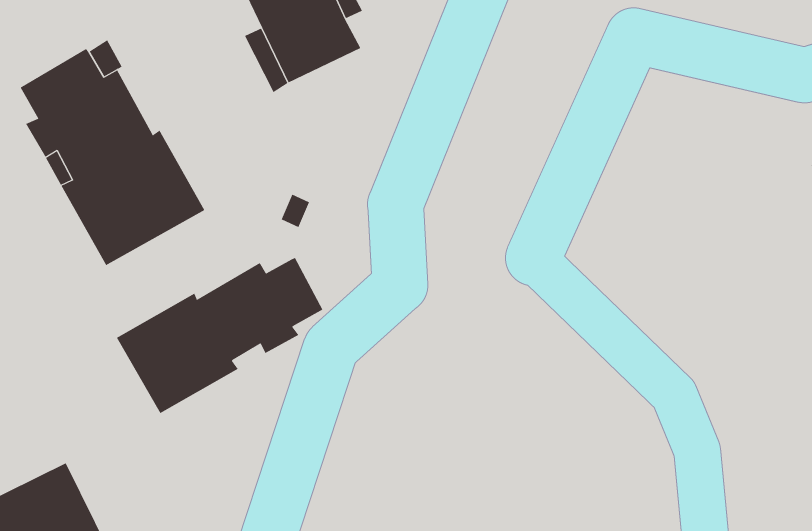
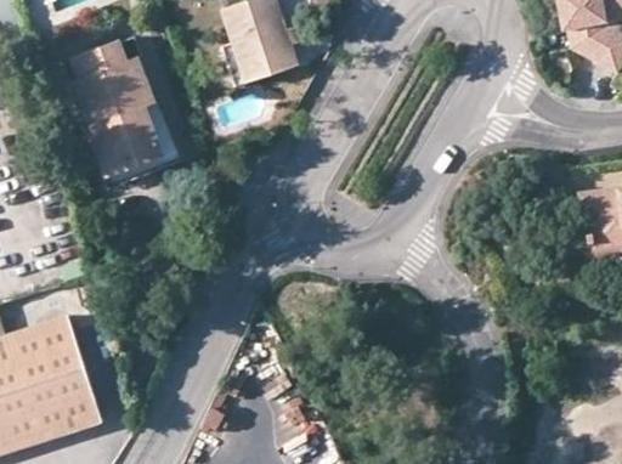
building: [116,257,323,414] -> none

